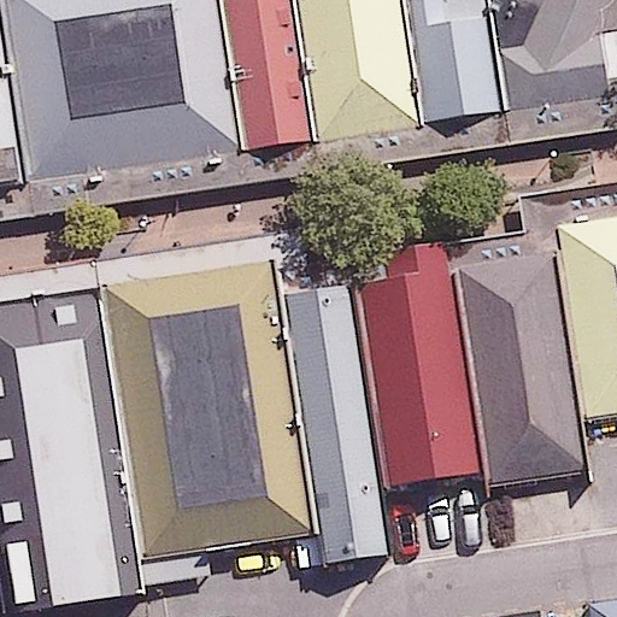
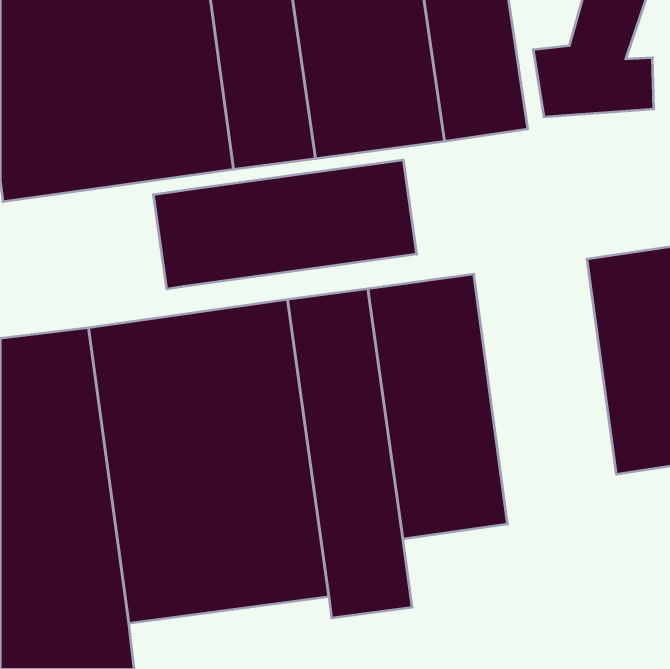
building: none -> [153,160,417,289]
building: [440,233,574,483] -> none

